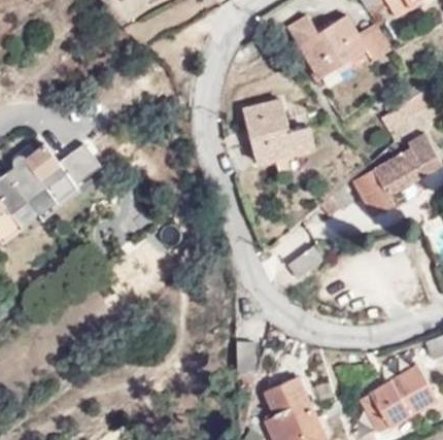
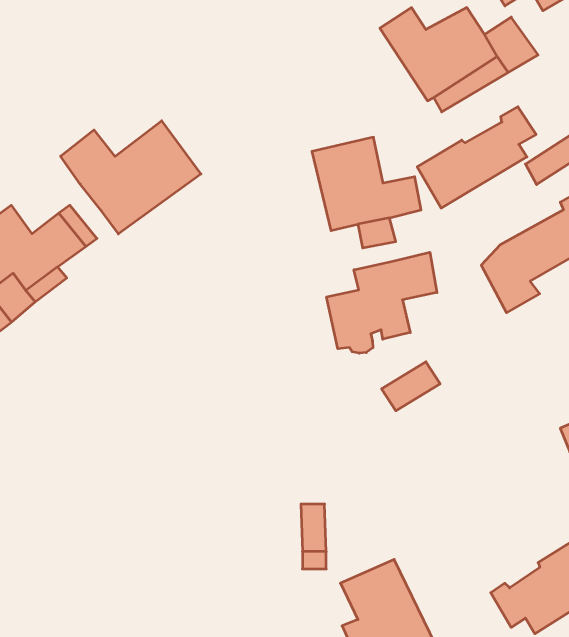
building: none -> [417,107,536,208]
building: none -> [61,121,201,234]
building: none -> [327,252,437,353]

